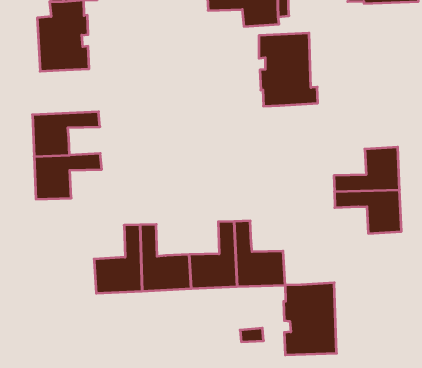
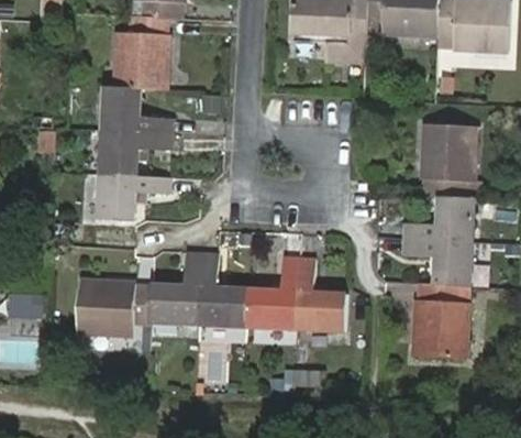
building: [259,33,318,106] -> [422,124,480,199]
building: none -> [102,87,171,134]
building: none -> [77,281,152,335]
building: [284,283,337,355] -> [412,284,469,359]

